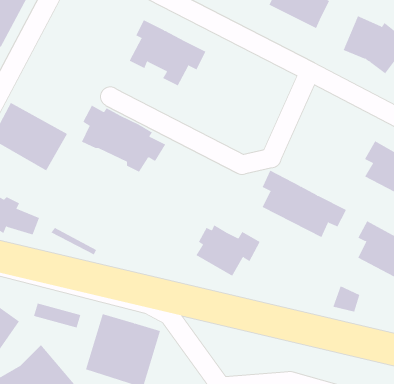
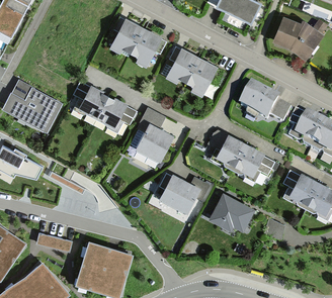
building: none -> [165,47,223,97]
building: none -> [238,82,290,122]
building: none -> [135,108,173,161]
building: none -> [209,192,253,230]

